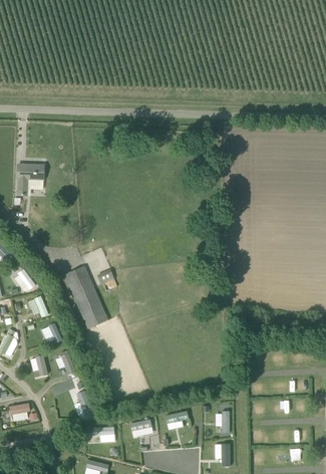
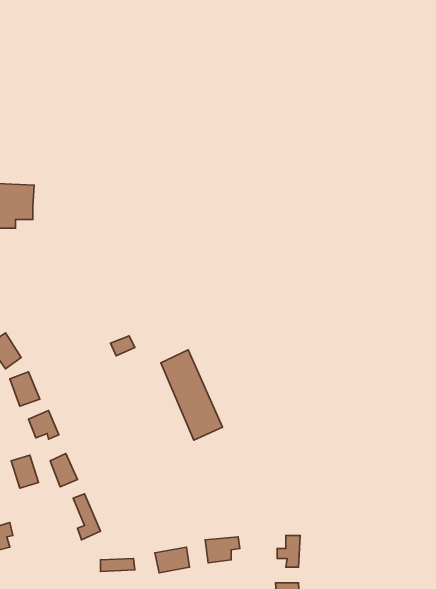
building: [65,265,108,328] -> [161,350,223,440]

